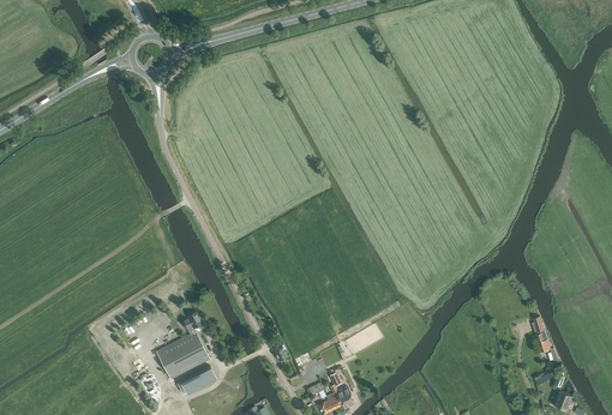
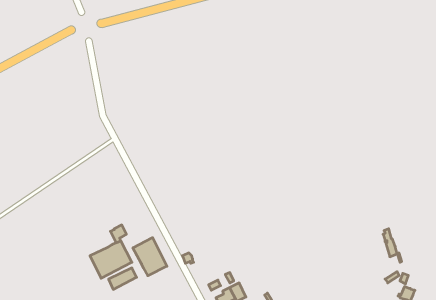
building: none -> [133,238,167,276]

